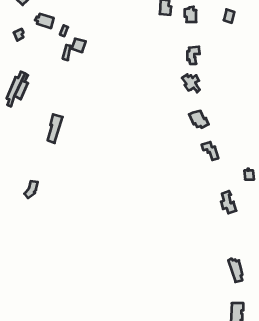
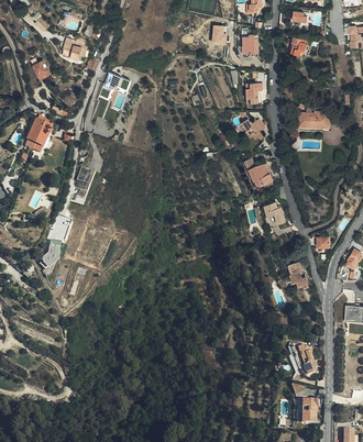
building: none -> [298,111,330,128]

